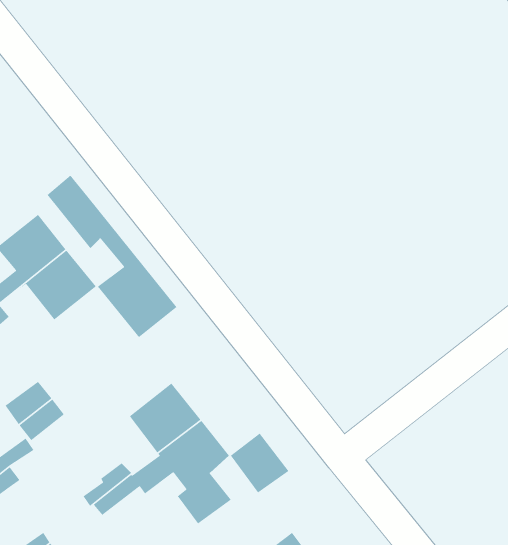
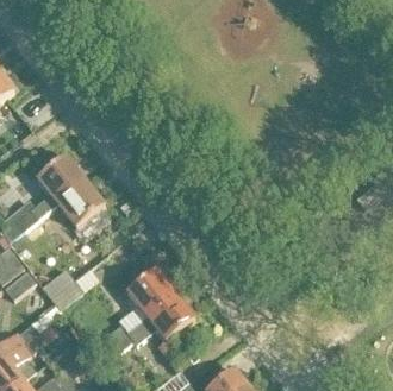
building: [46,174,177,338] -> none
building: [230,433,289,494] -> none

